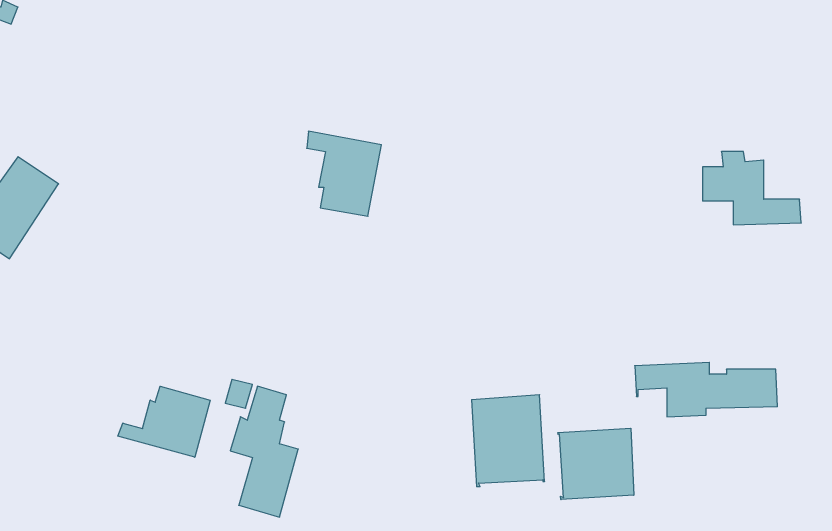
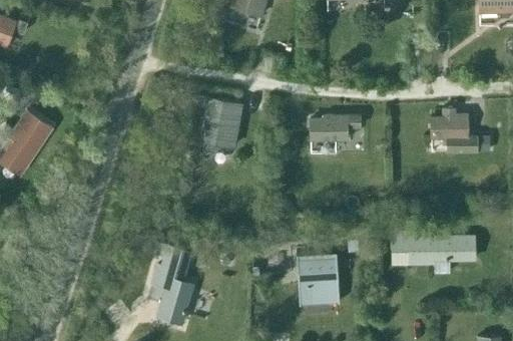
building: none -> [310,117,360,140]
building: [118,386,210,457] -> none
building: [558,428,634,500] -> none

